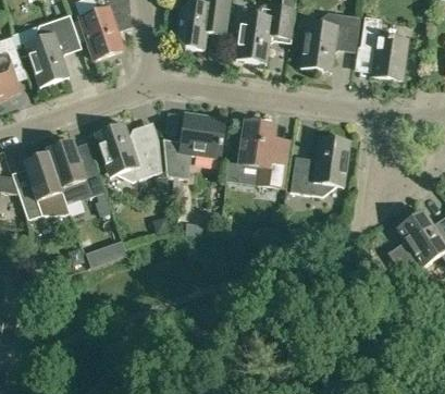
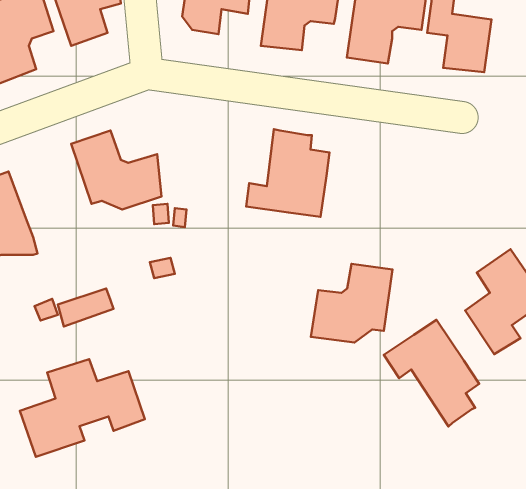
building: [162,112,224,177] -> none
building: [288,136,349,195] -> [311,264,393,343]
building: [46,140,104,201] -> none
building: none -> [384,320,479,426]
building: none -> [20,359,145,457]

